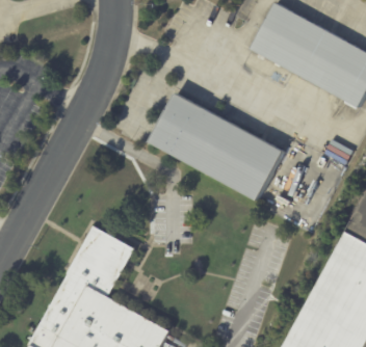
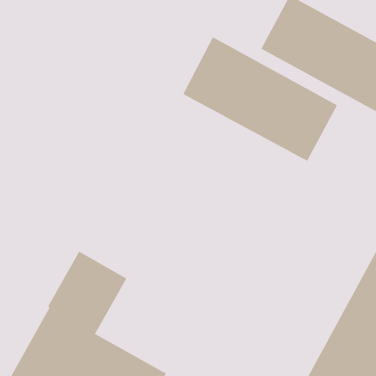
building: [148,94,282,202] -> [182,36,338,162]

